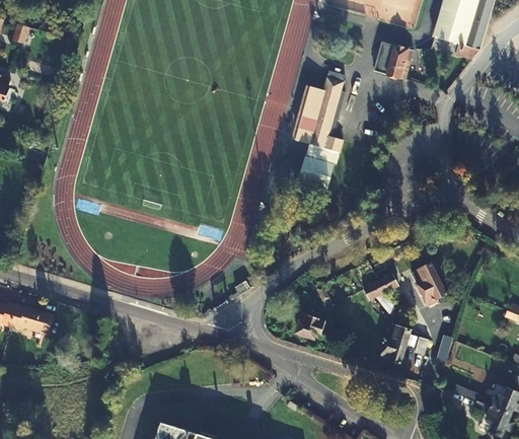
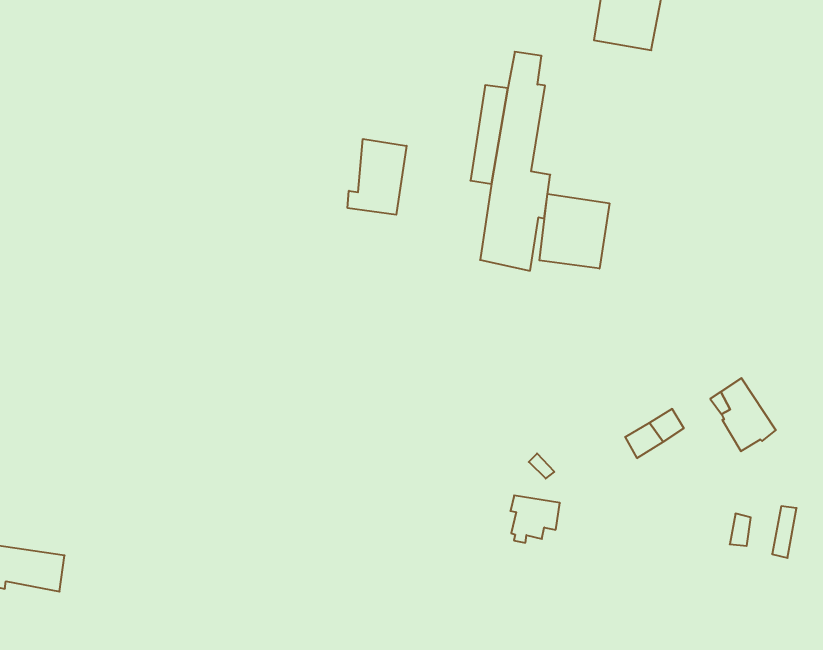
building: none -> [348,139,407,215]
building: none -> [539,194,609,269]
building: [380,326,411,364] -> none

